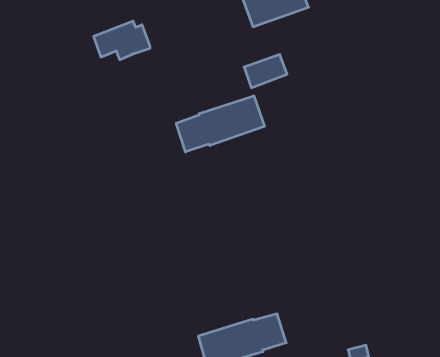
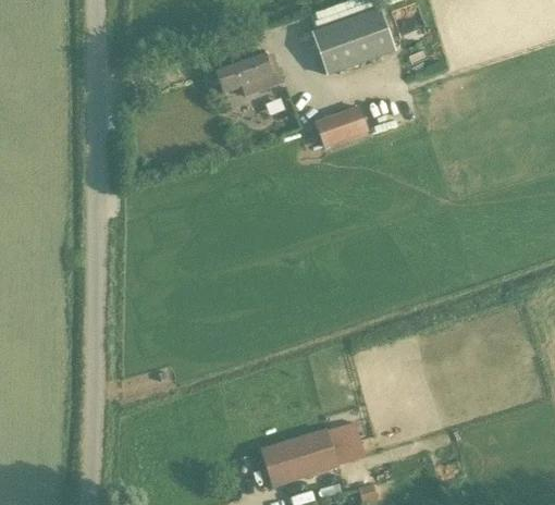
building: [94,21,150,60] -> [214,50,283,97]
building: [176,96,265,152] -> none

